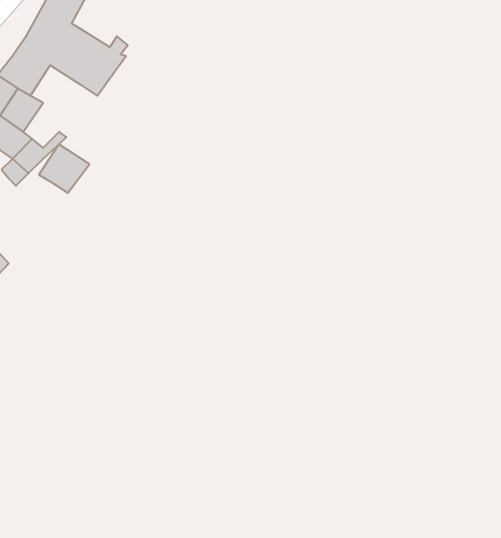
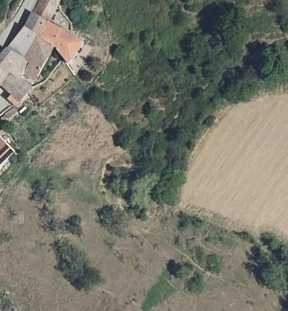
building: [39,144,89,193] -> [23,39,51,66]

